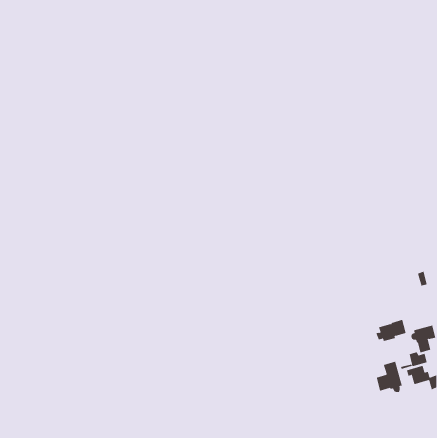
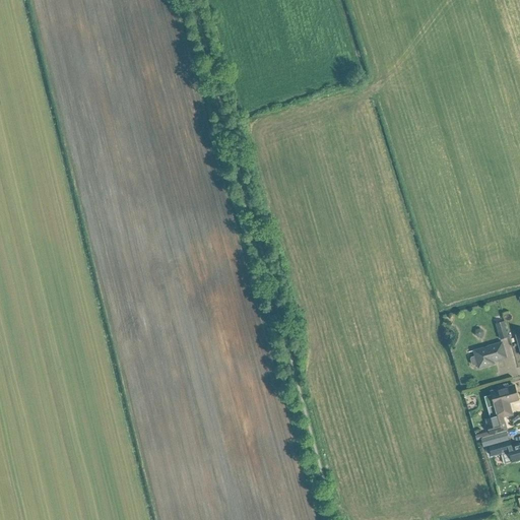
building: [376,319,406,342] -> [468,341,505,368]
building: [376,361,403,393] -> none

